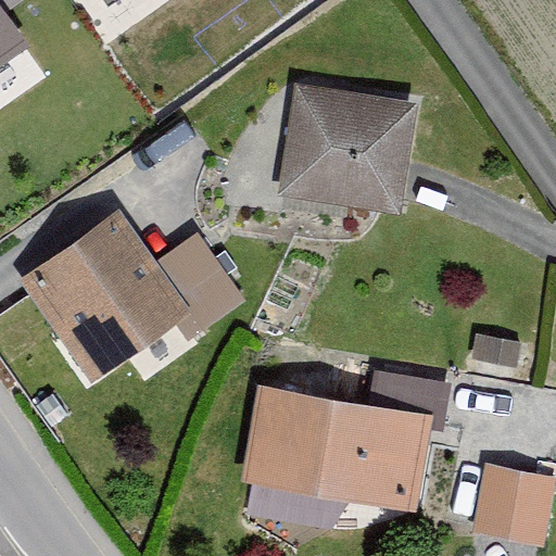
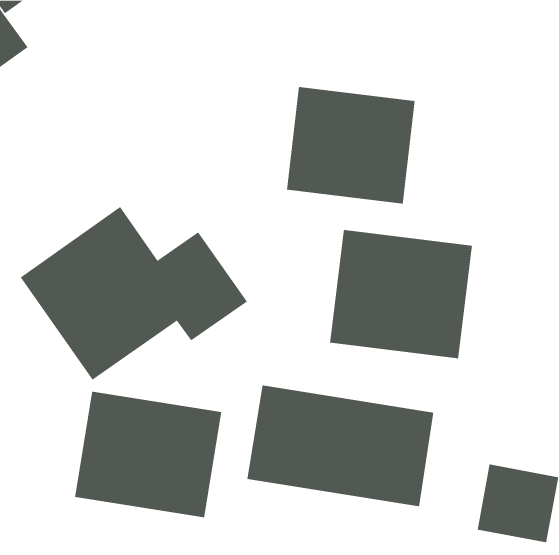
building: none -> [330,229,472,359]
building: none -> [75,391,222,518]

